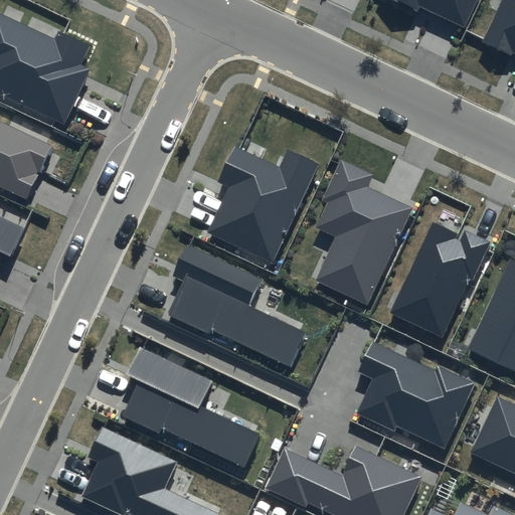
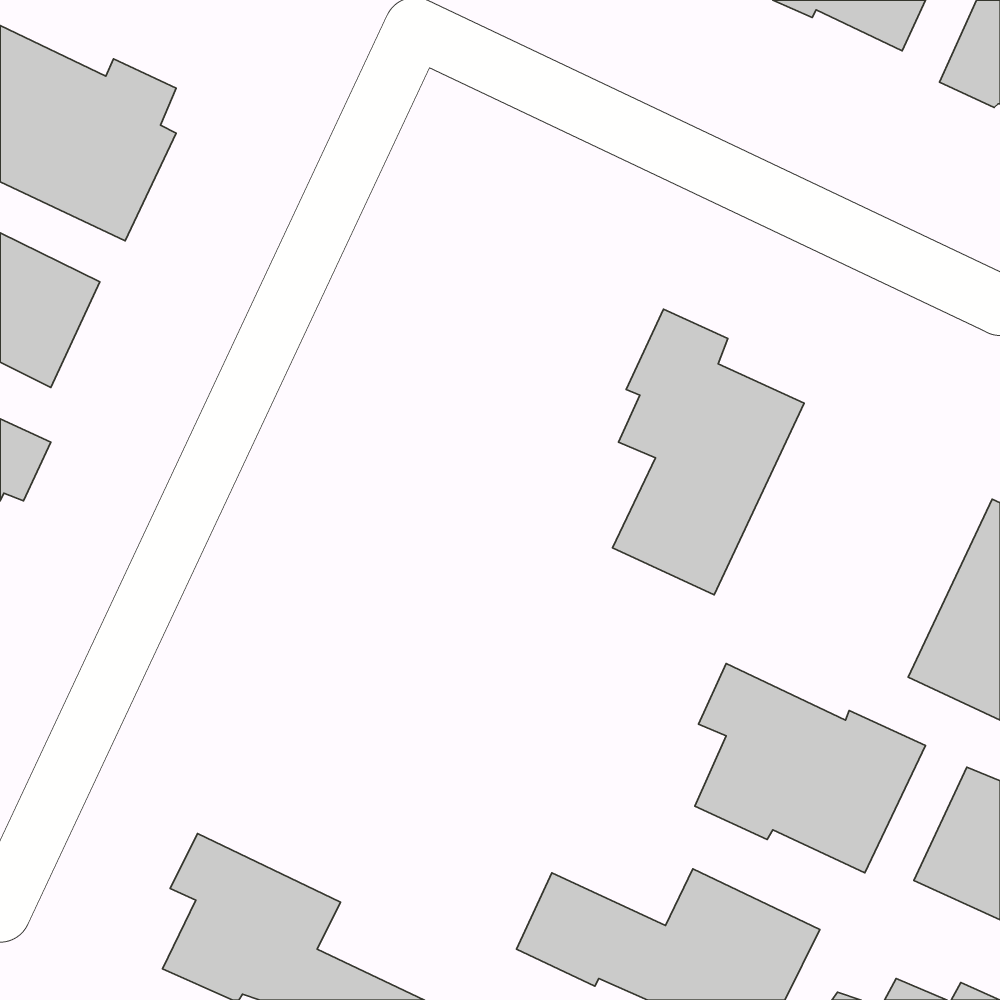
building: [207,146,318,263] -> none
building: [388,220,492,339] -> none
building: [168,245,307,367] -> none
building: [121,346,260,468] -> none

